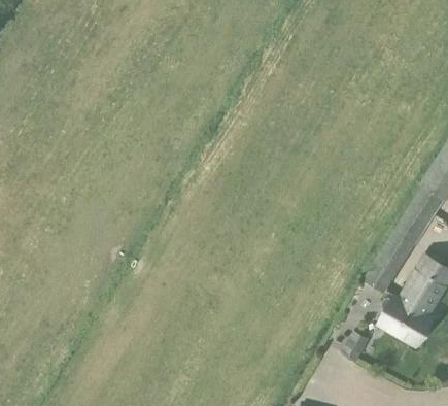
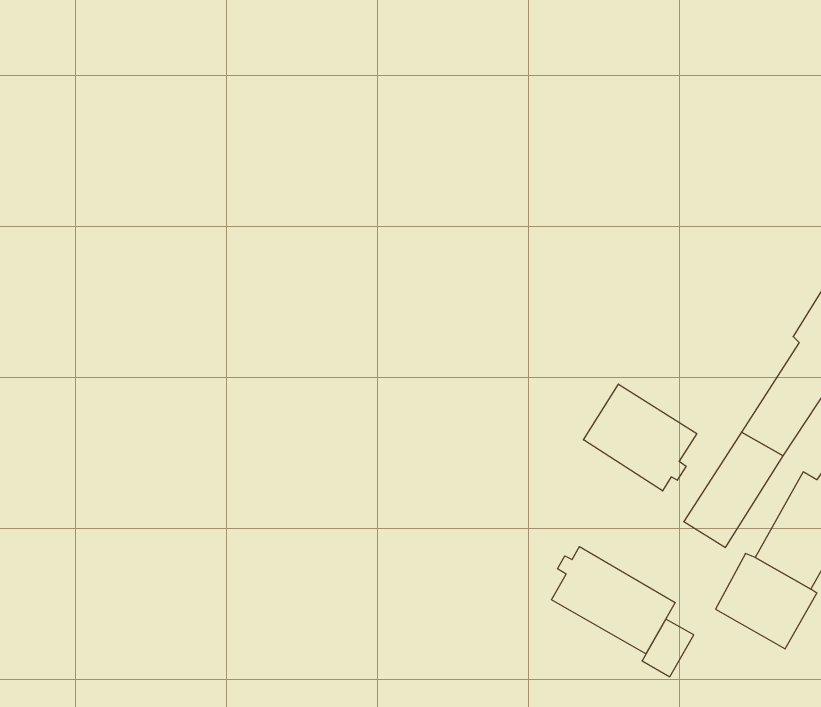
building: none -> [583,384,697,491]
building: none -> [551,547,675,654]

